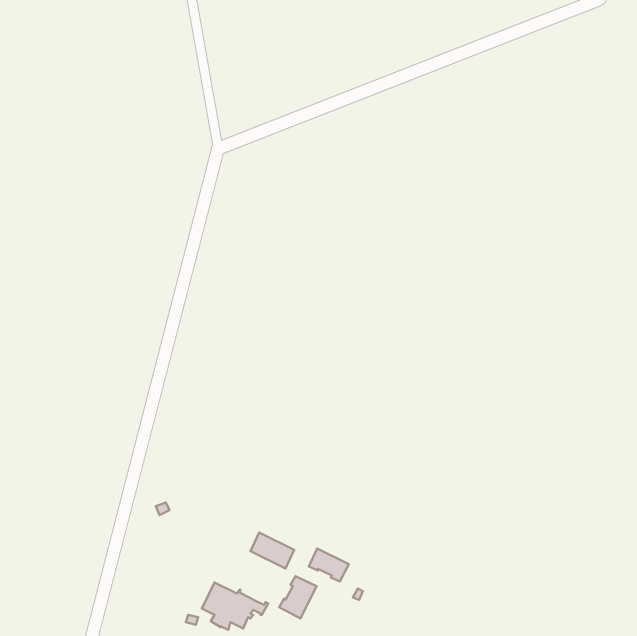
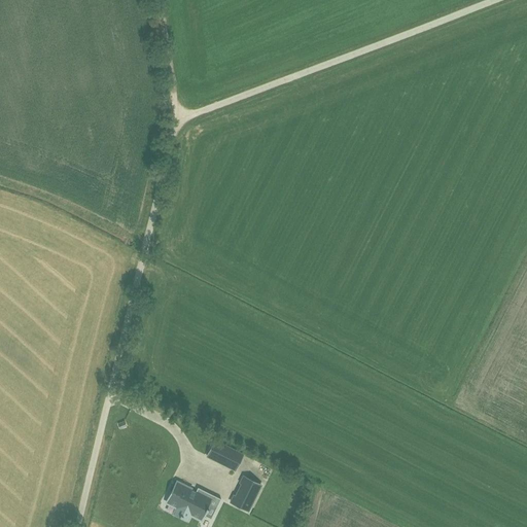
building: [309,548,349,581] -> none

